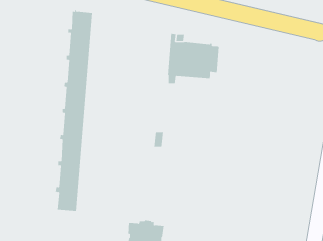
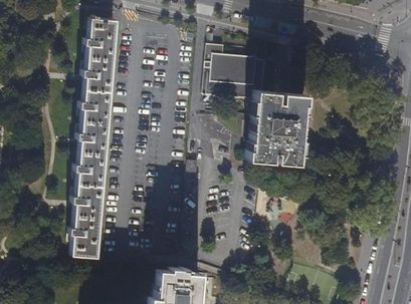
building: none -> [251,89,307,163]

